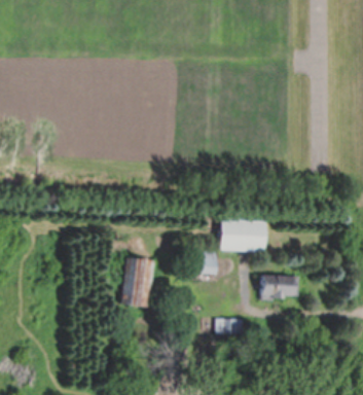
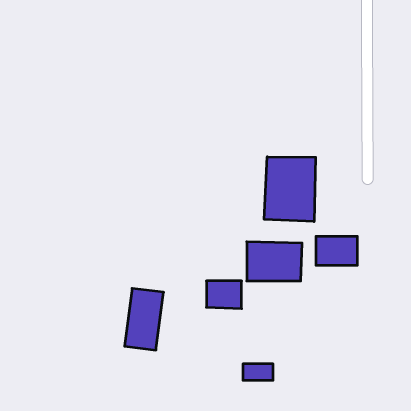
building: none -> [264,157,316,222]
building: [261,276,295,299] -> [316,236,357,265]

